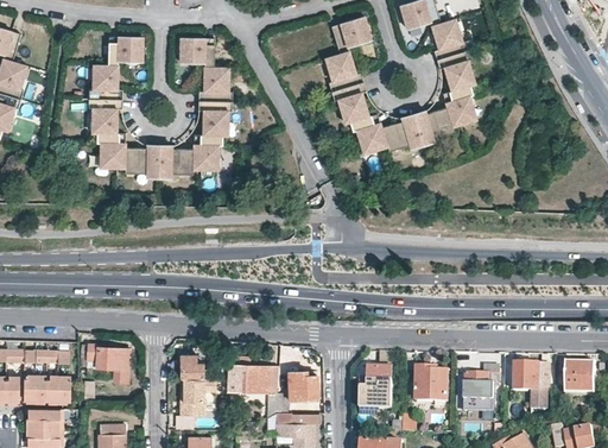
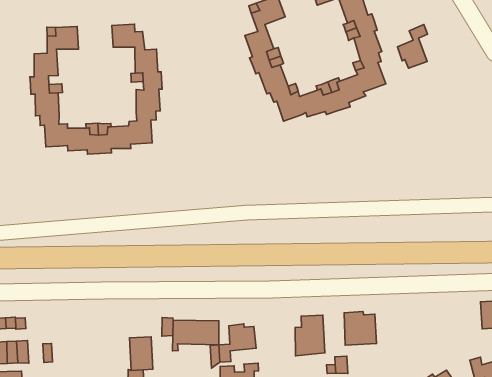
building: none -> [398,25,428,68]
building: [81,346,131,384] -> none
building: [180,355,204,380] -> none
building: [515,364,553,391] -> none
building: [466,365,500,412] -> none

